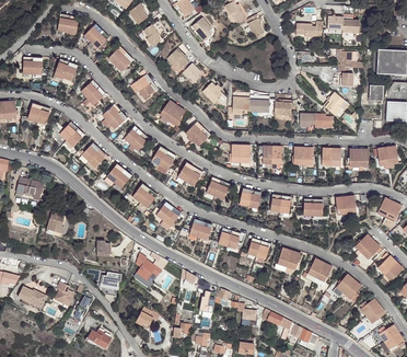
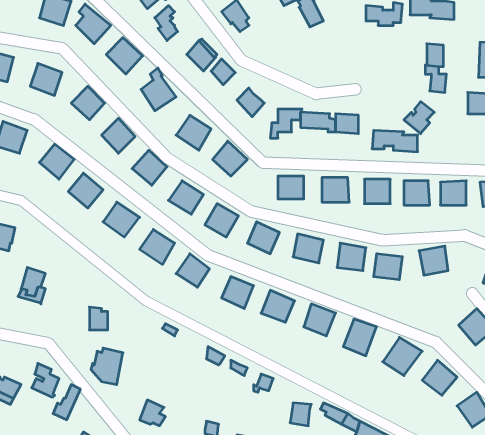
building: [132,252,160,287] -> none

